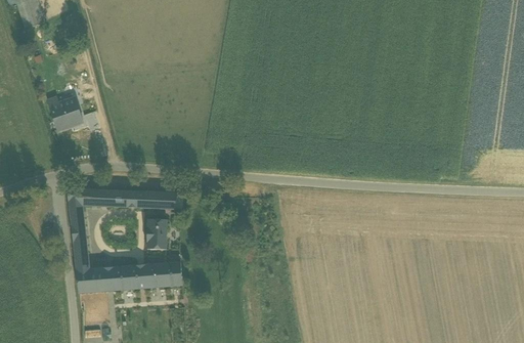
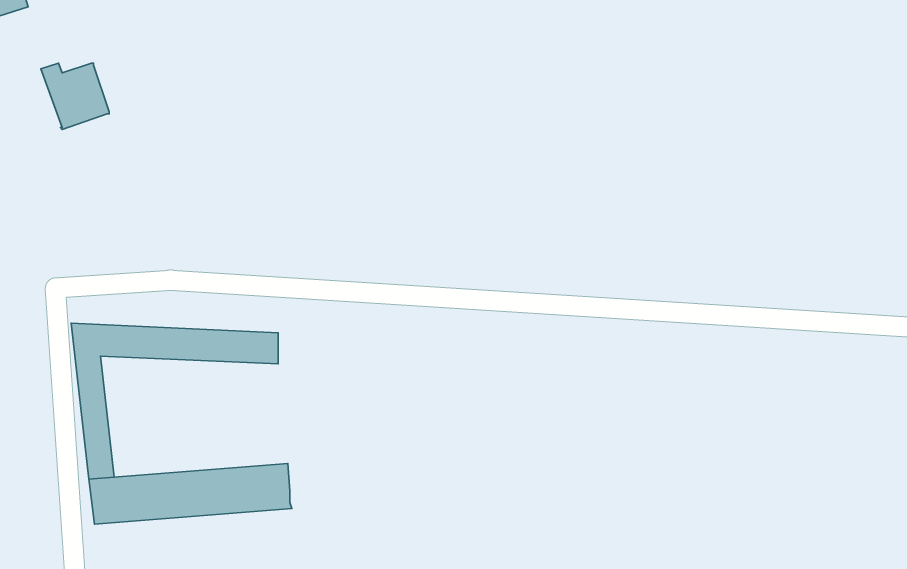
building: [47,96,83,131] -> [41,63,109,129]
building: [147,218,167,249] -> none

